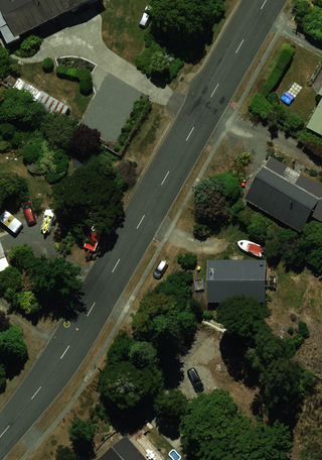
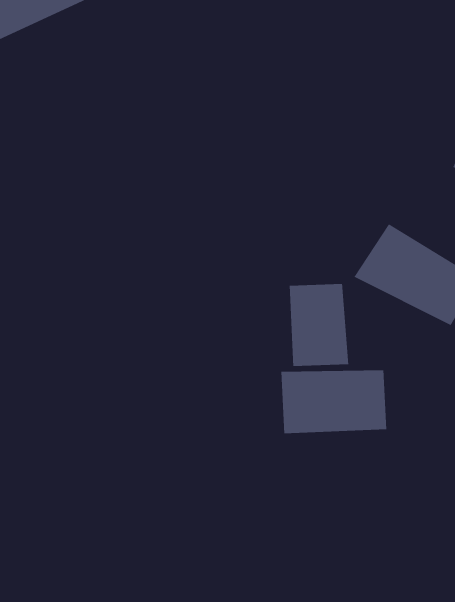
building: none -> [289,283,349,367]

